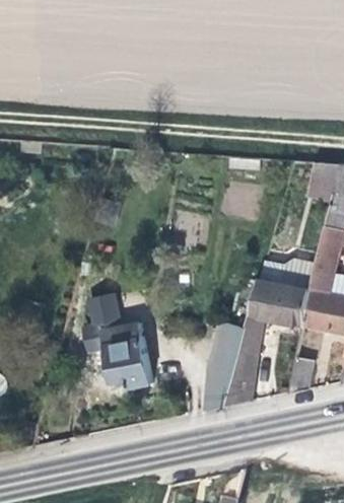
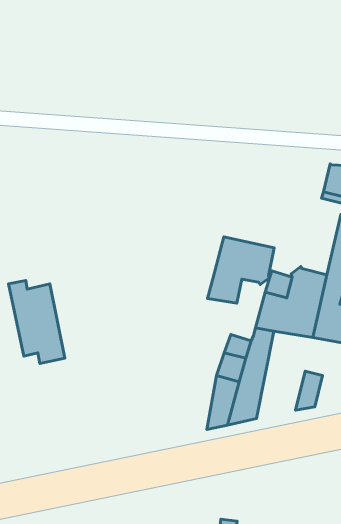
building: none -> [208,237,274,303]
building: [96,310,149,388] -> [9,280,65,364]

